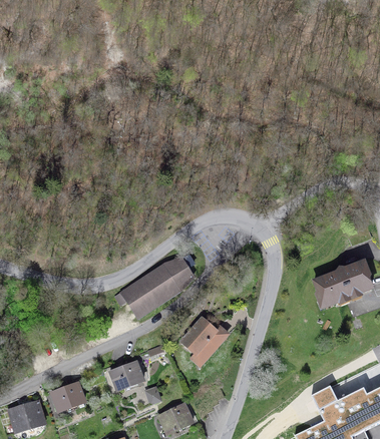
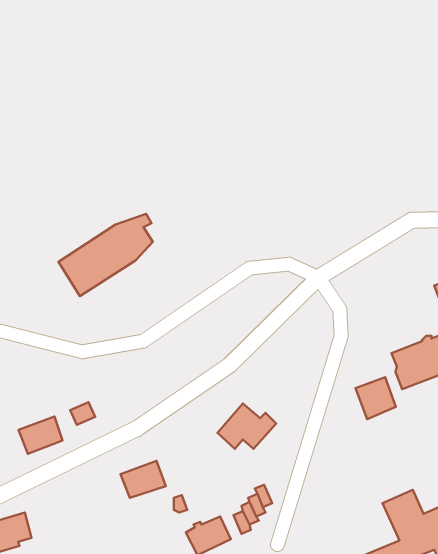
building: [122,255,194,317] -> [58,214,153,296]
building: none -> [356,377,396,419]
building: [51,383,84,411] -> [19,416,62,454]

